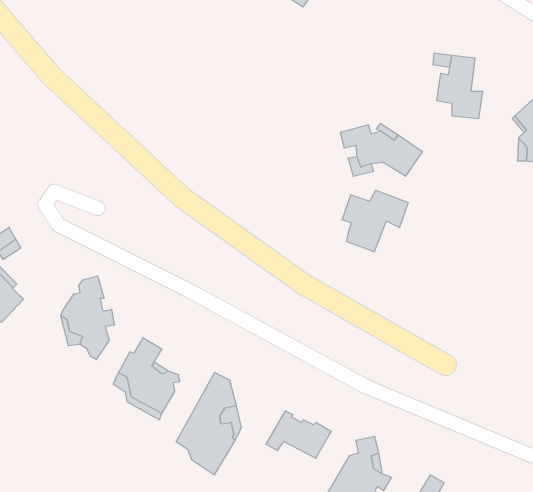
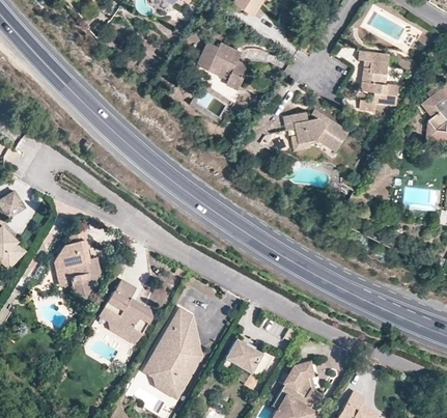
building: none -> [195,44,248,89]
building: [342,190,408,252] -> none
building: none -> [144,365,180,400]

